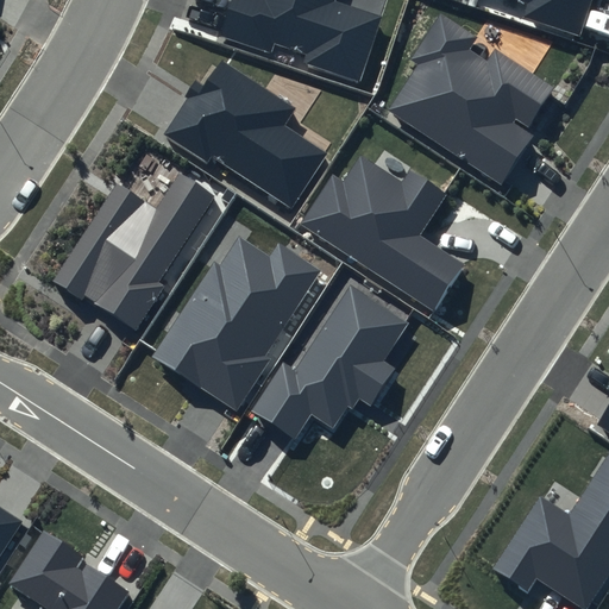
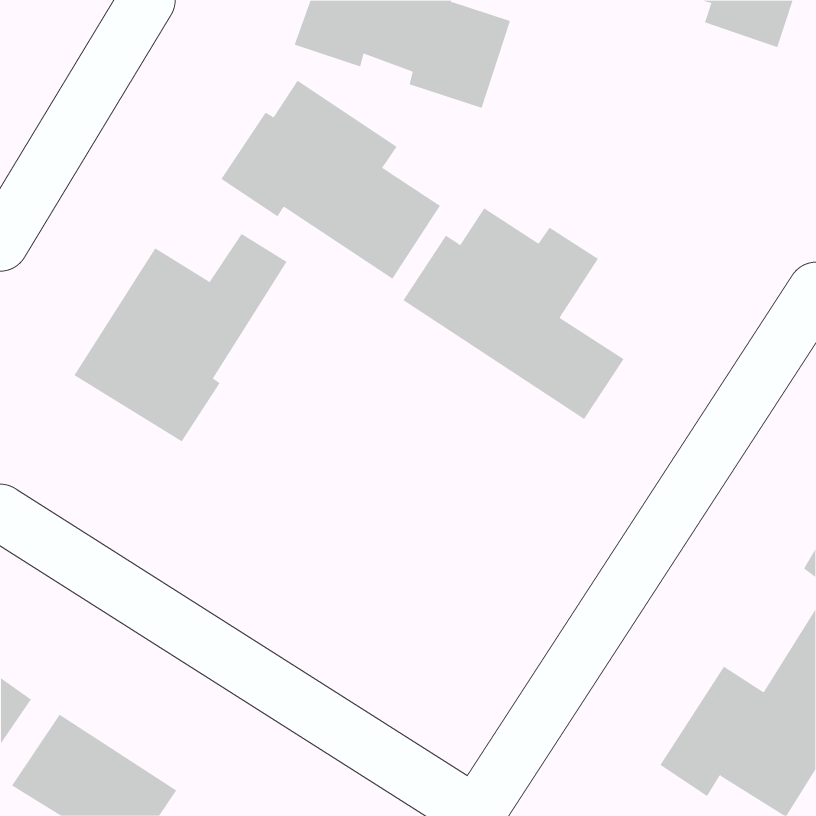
building: [391,13,553,184] -> none
building: [155,238,320,410] -> none
building: [249,285,408,442] -> none

